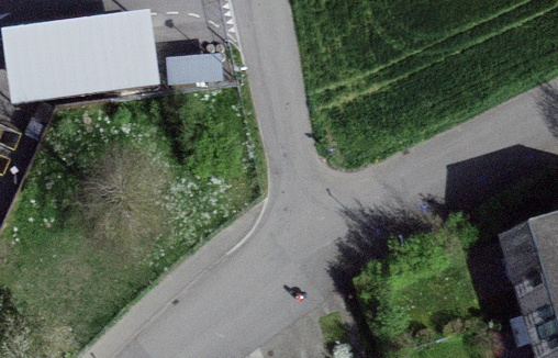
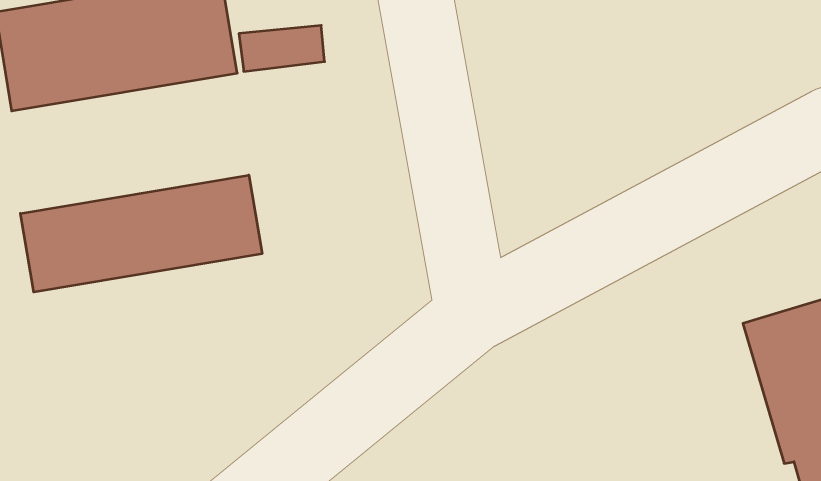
building: none -> [20,175,262,292]

